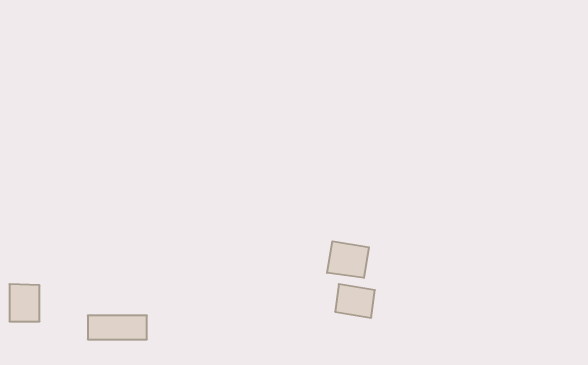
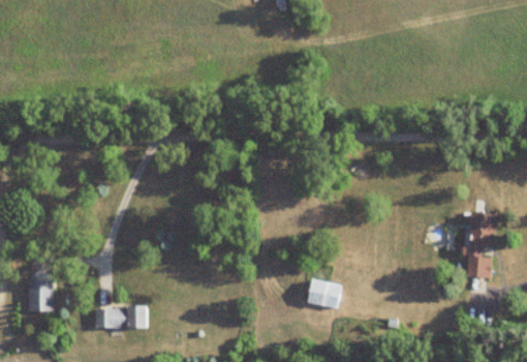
building: none -> [467,212,495,277]
building: [327,241,369,278] -> none

